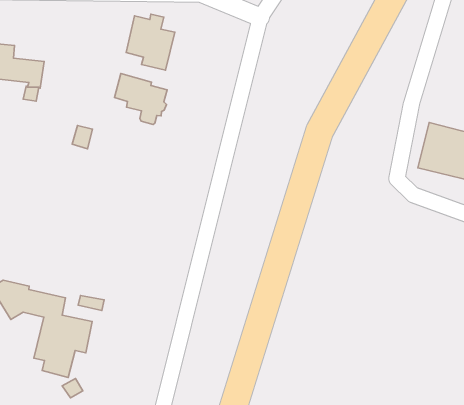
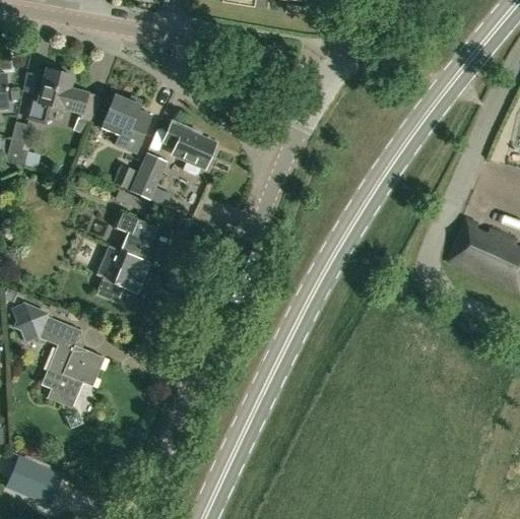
building: [126,14,175,70] -> [101,93,151,151]
building: none -> [133,149,172,198]
building: none -> [95,213,157,304]

